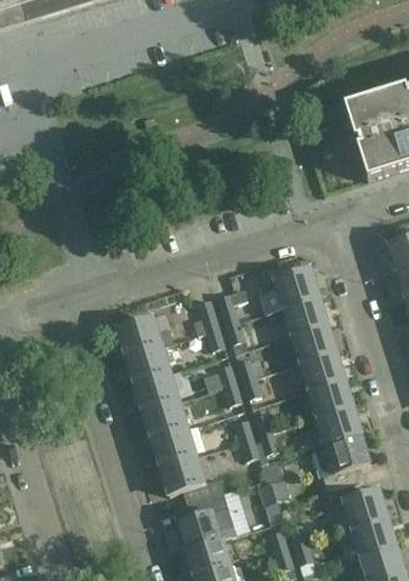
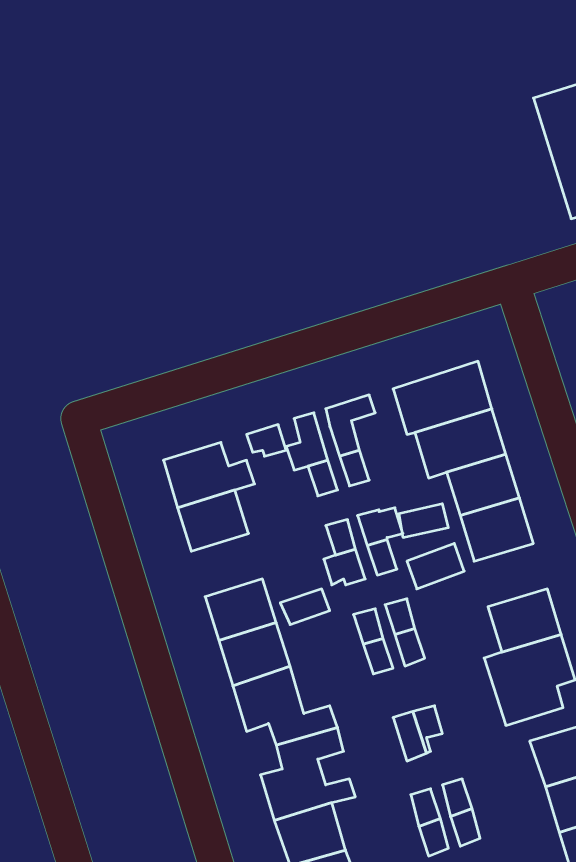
building: [134,370,177,409] -> none
building: [307,376,352,415] -> none

